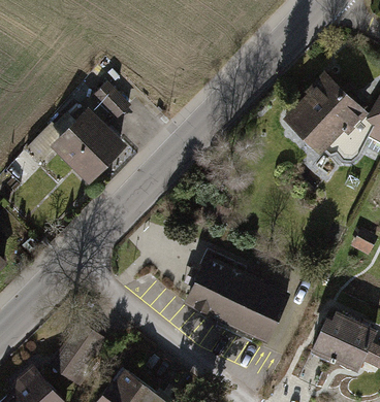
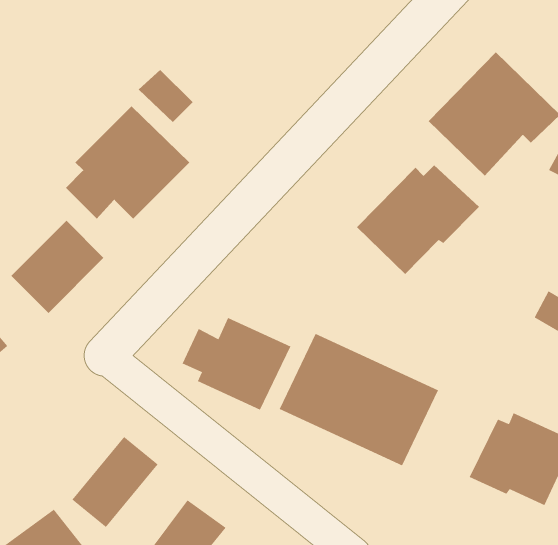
building: none -> [356,165,480,275]
building: none -> [11,220,104,314]
building: none -> [182,317,291,411]

